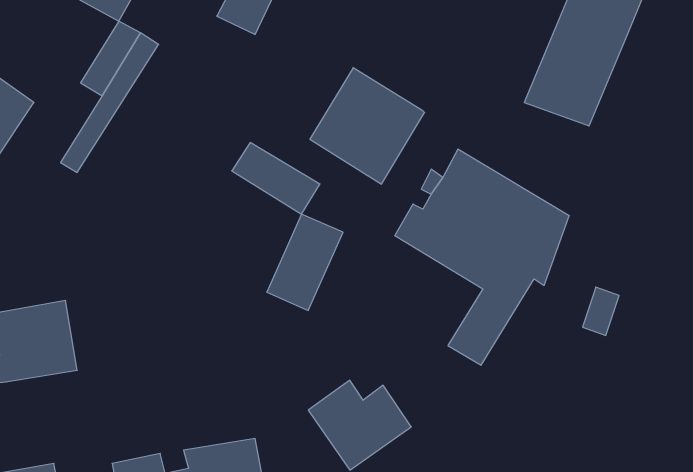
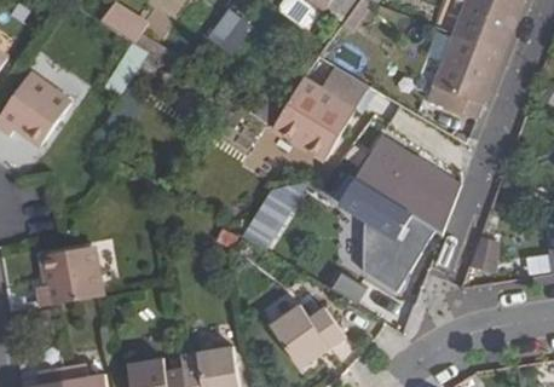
building: [232,143,320,214] -> [302,56,367,108]

